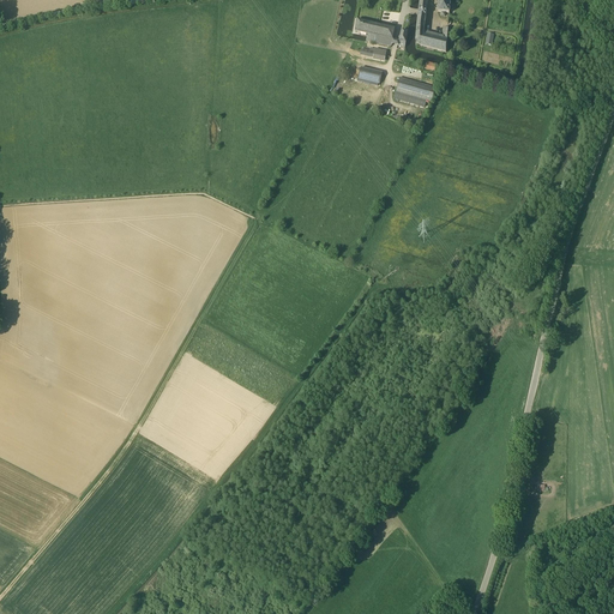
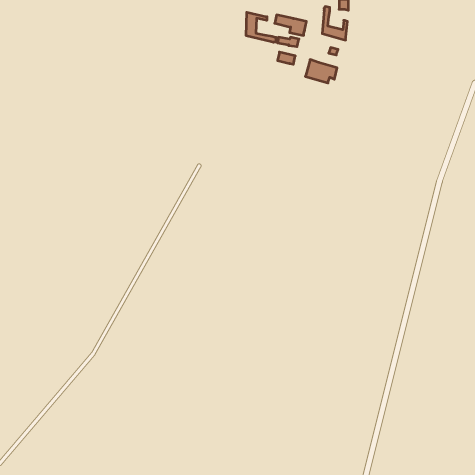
building: none -> [246,12,276,42]

